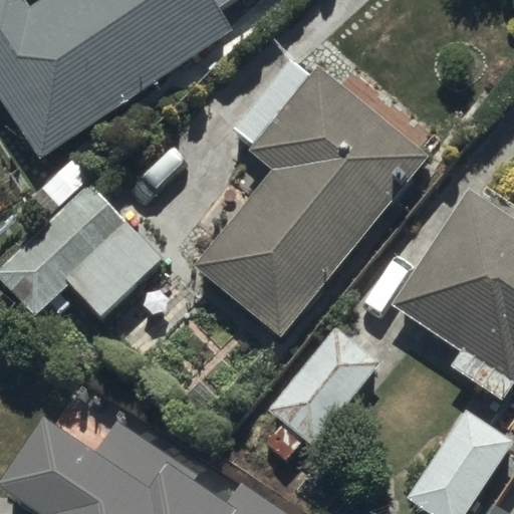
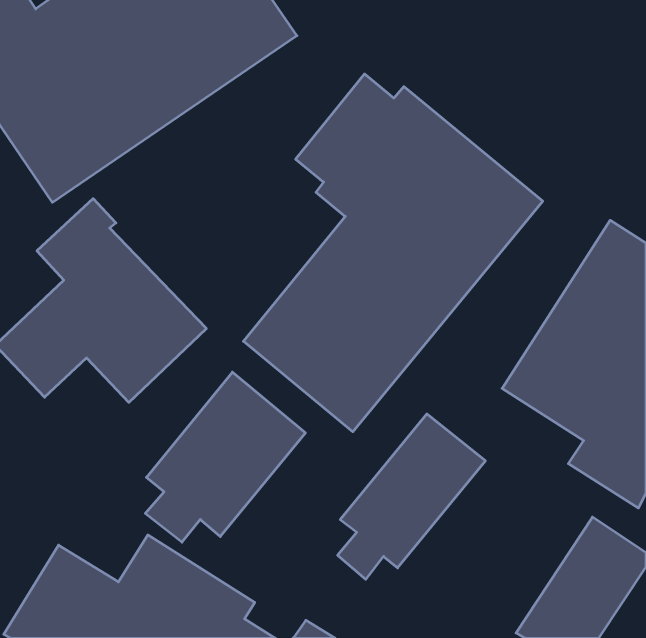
building: none -> [145,372,305,542]

